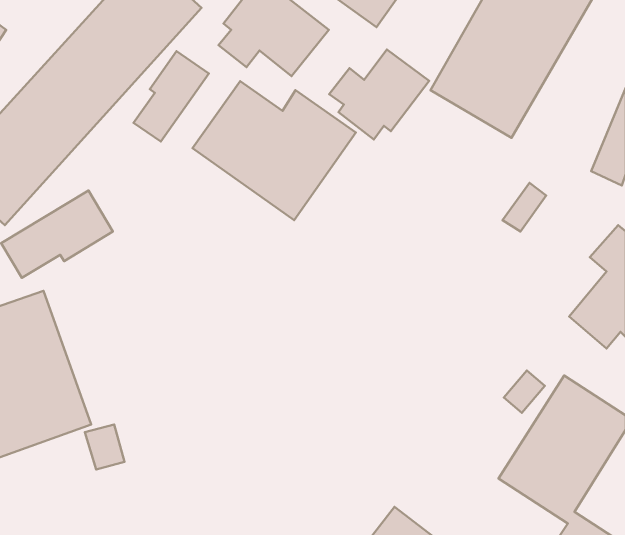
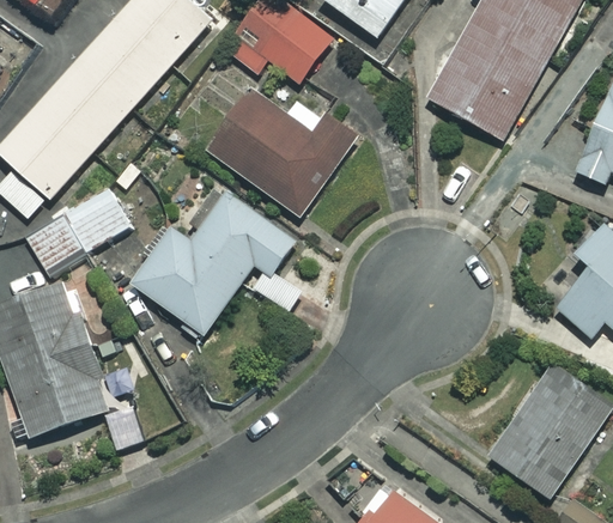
building: [329,49,429,140] -> none
building: [134,51,209,142] -> none
building: none -> [132,189,302,334]

